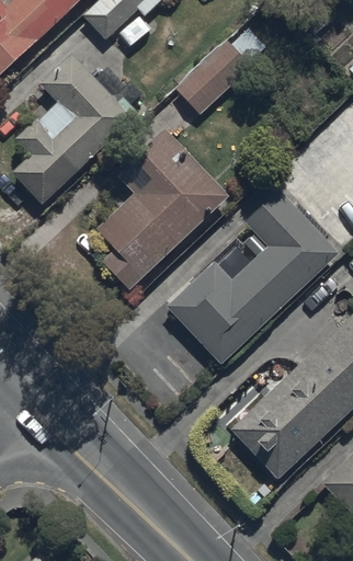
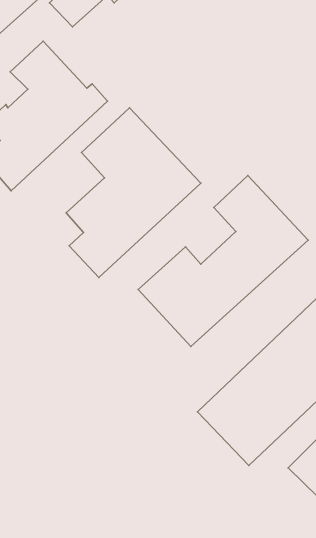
building: [174,28,266,115] -> none

